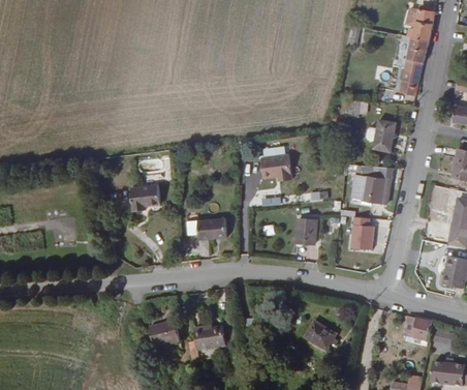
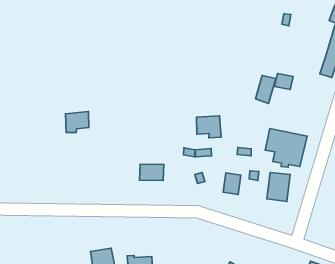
building: [374,120,396,152] -> [256,75,276,103]
building: [132,184,161,211] -> [65,111,89,132]

